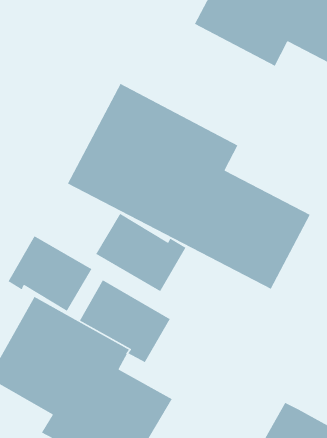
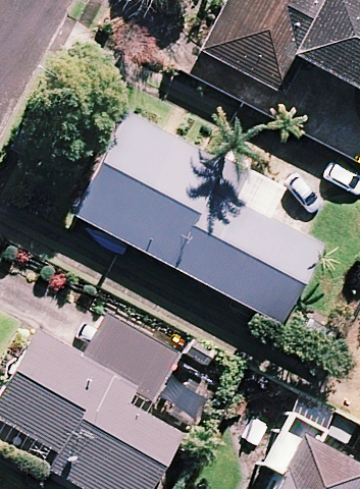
building: [95,213,187,292] -> none
building: [7,235,92,312] -> none

